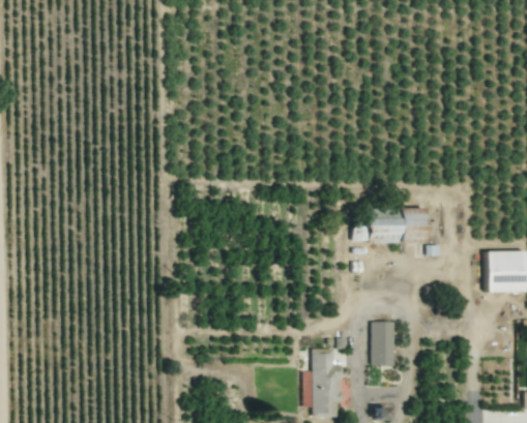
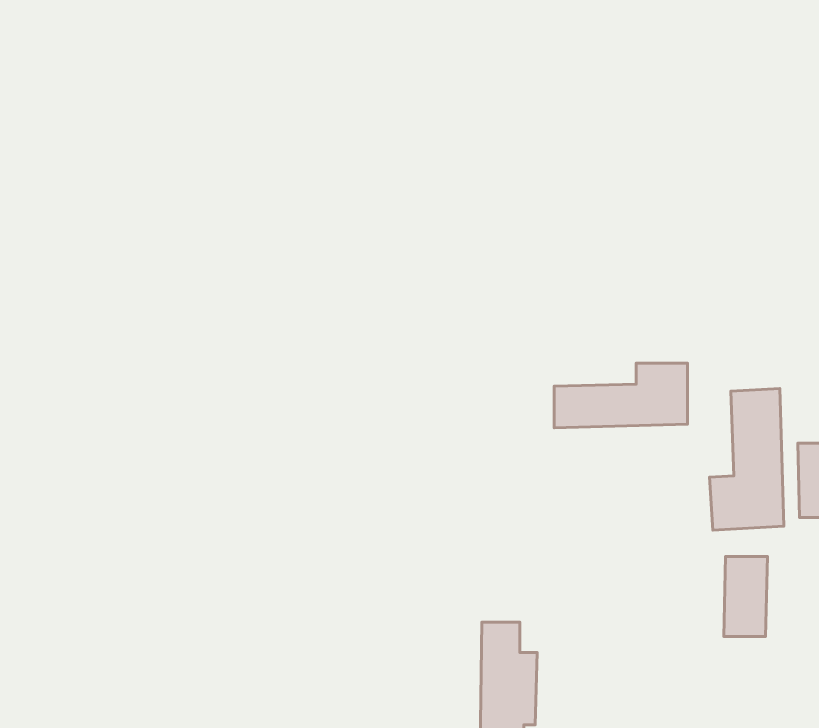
building: none -> [710,389,784,530]
building: [371,322,394,365] -> [724,556,767,636]

